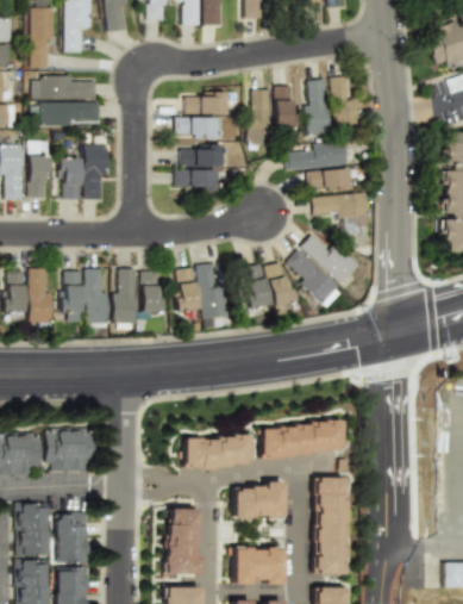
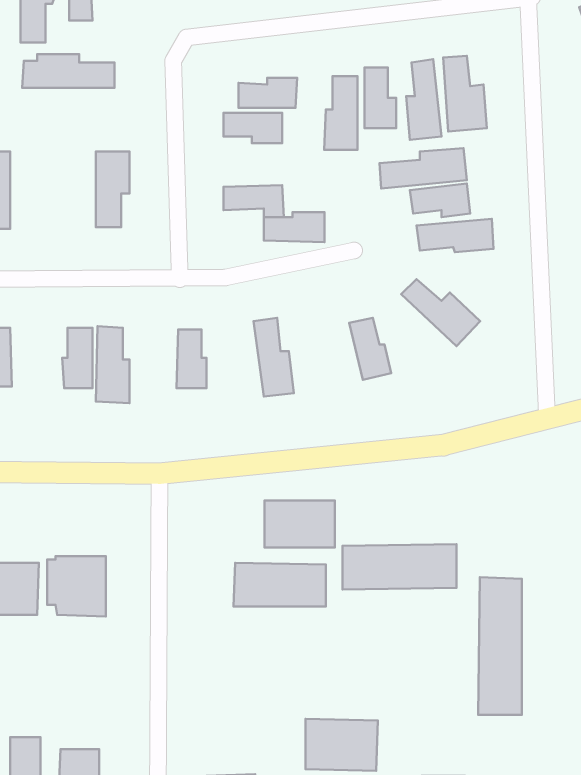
building: [40,101,101,125] -> none
building: [180,145,223,167] -> [264,212,324,242]
building: [29,155,50,195] -> none
building: [60,157,81,199] -> none
building: [288,250,339,303] -> none
building: [244,264,271,311] -> none
building: [174,266,200,312] -> none
building: [29,268,54,323] -> none
building: [113,268,137,323] -> none
building: [314,477,345,574] -> [478,577,522,715]
building: [233,485,283,518] -> [264,500,335,547]
building: [24,504,46,555] -> none
building: [165,509,201,574] -> none
building: [61,512,87,565] -> none

